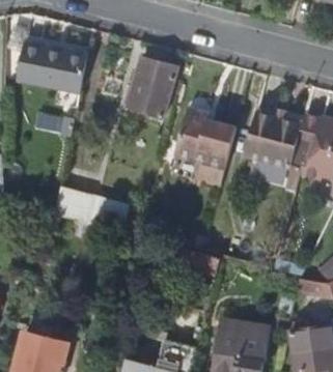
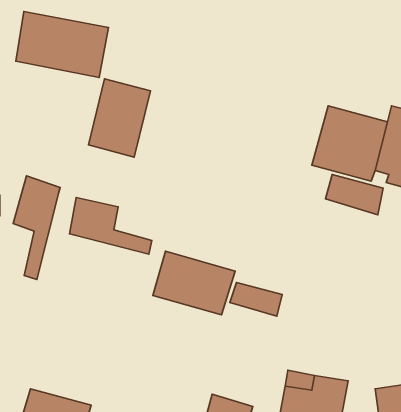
building: [129,56,176,116] -> [88,79,150,157]
building: [175,110,235,172] -> none
building: none -> [13,176,60,279]
building: none -> [153,251,235,315]

